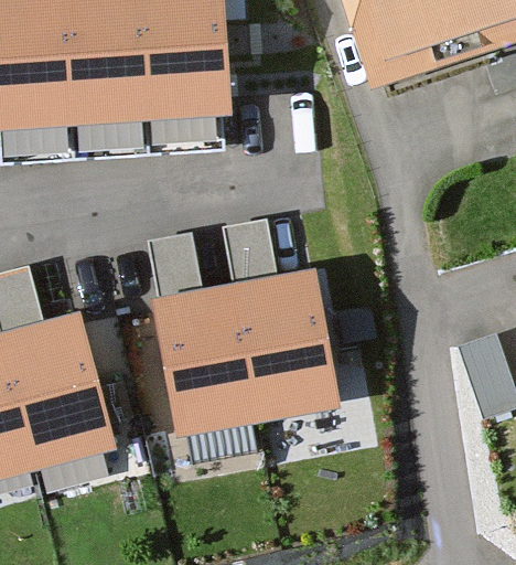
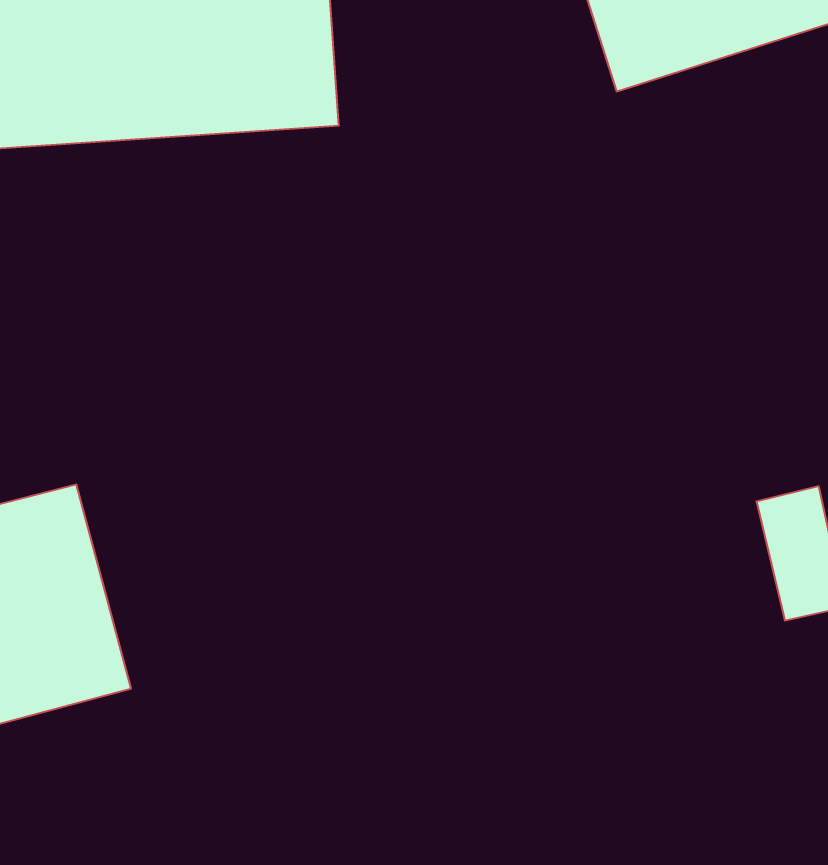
building: [161,279,331,428] -> none

